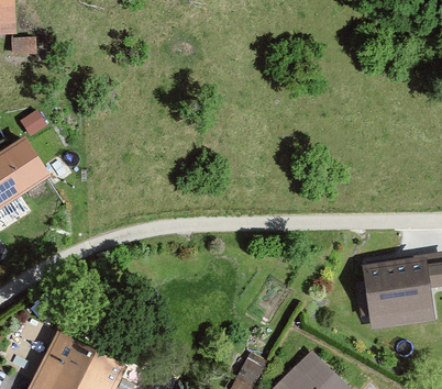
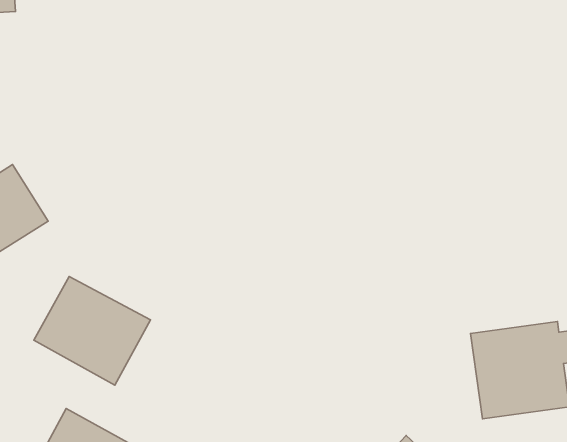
building: none -> [34,277,150,385]

